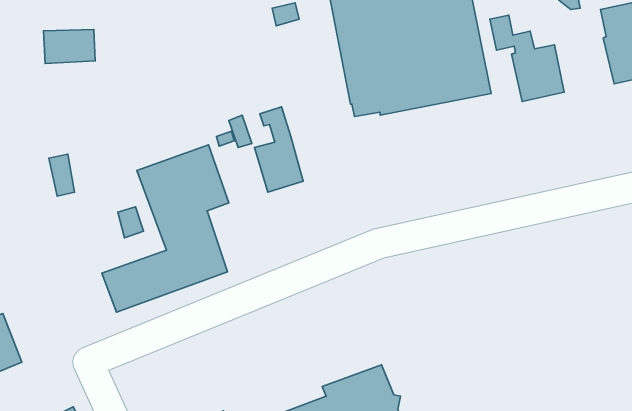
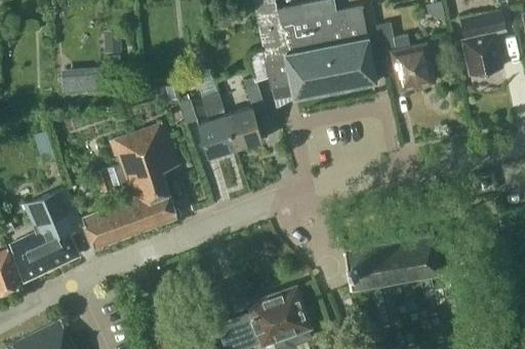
building: [44,30,95,63] -> [68,66,107,91]
building: none -> [226,78,266,150]
building: none -> [10,189,81,282]
building: none -> [344,234,440,287]

